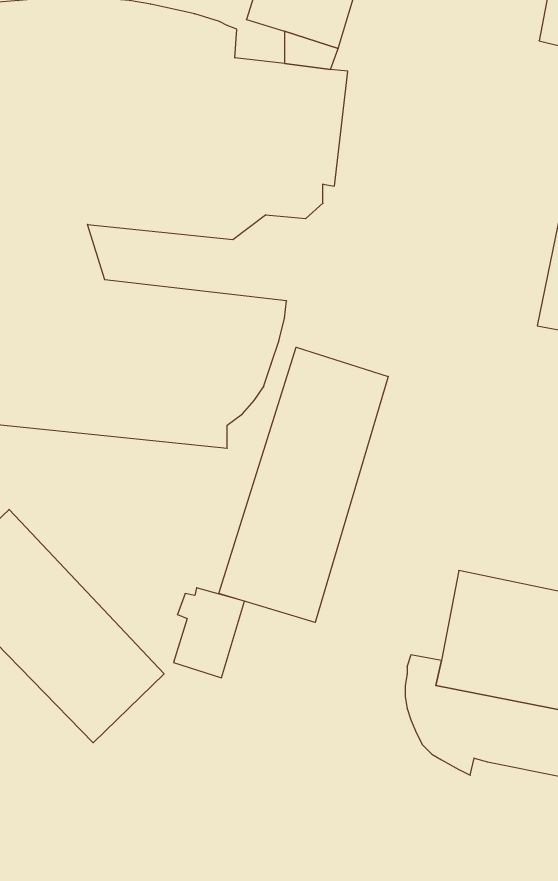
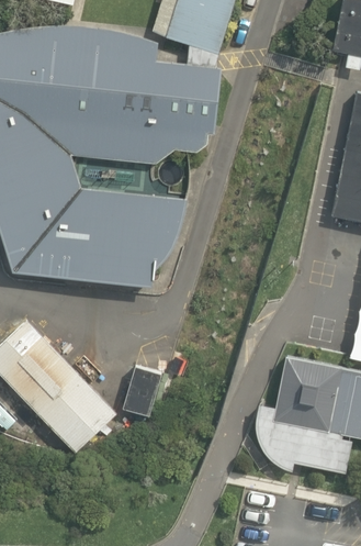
building: [219,347,388,622] -> none

